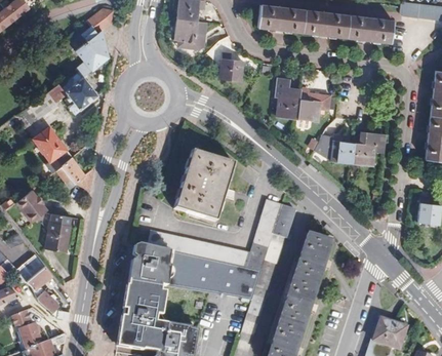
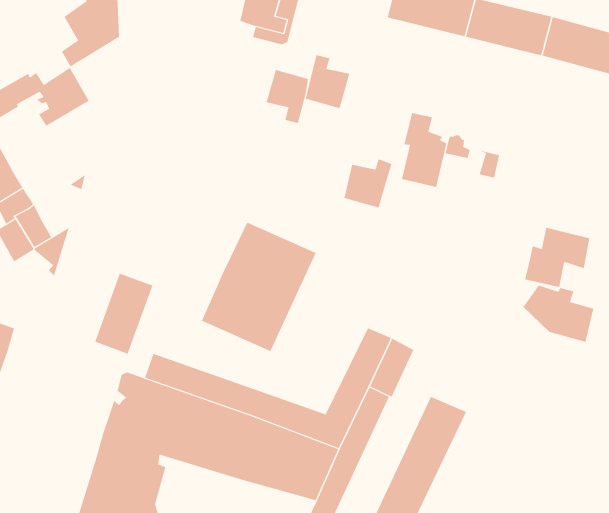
building: none -> [266,69,309,124]
building: [296,93,321,121] -> [344,158,392,208]
building: [314,134,354,163] -> [523,285,594,342]
building: none -> [94,273,153,354]

